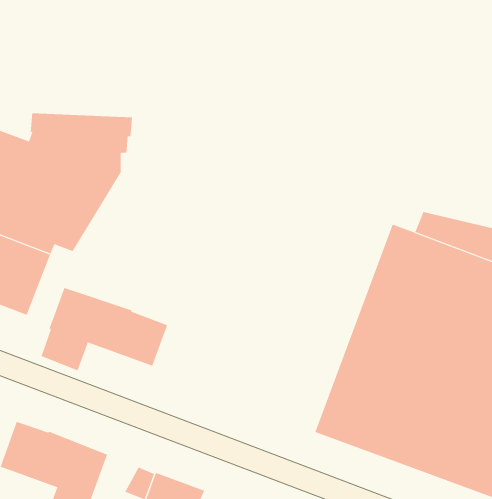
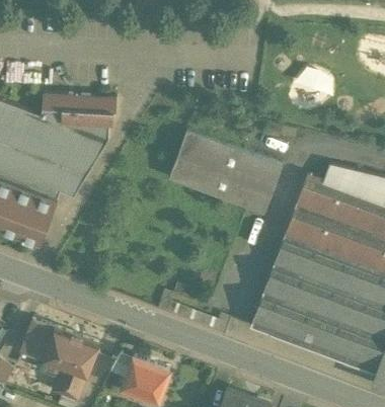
building: none -> [168,131,282,214]
building: [41,287,168,371] -> none

